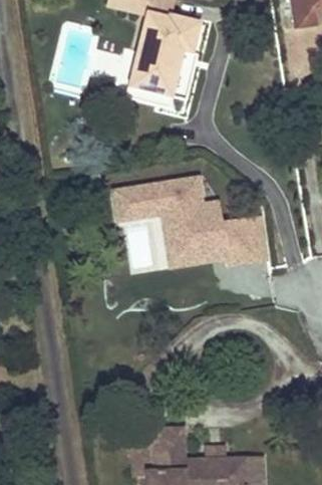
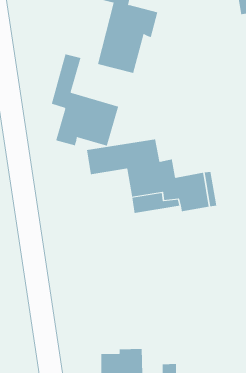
building: none -> [51,53,119,146]

